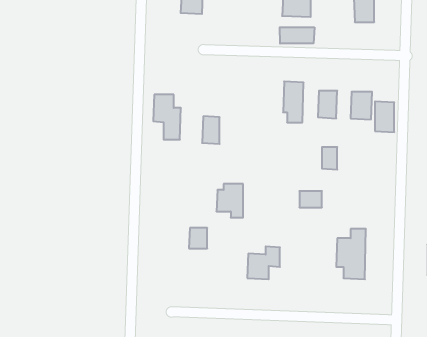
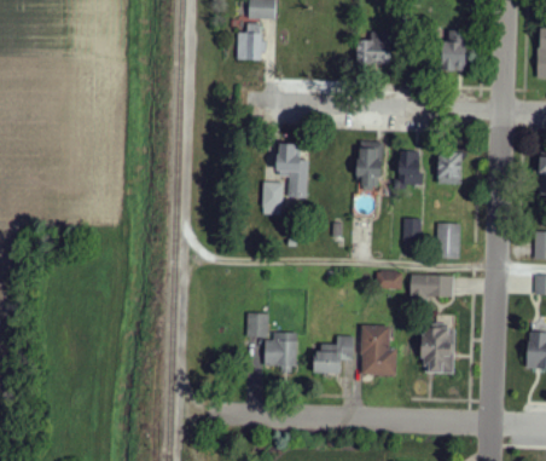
building: [280,27,314,44] -> none
building: [153,95,181,140] -> [277,144,309,197]
building: [375,101,394,132] -> [437,223,460,259]
building: [216,184,243,218] -> [265,333,296,373]
building: none -> [411,275,453,299]
building: none -> [361,325,396,375]

